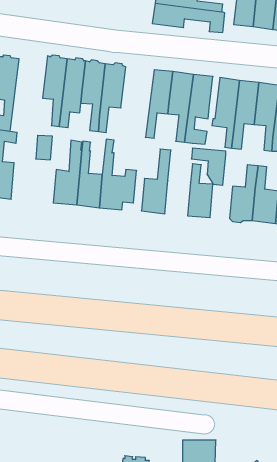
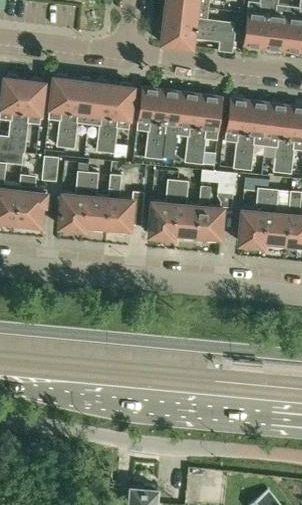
building: none -> [15,78,44,156]
building: none -> [136,88,162,159]
building: none -> [173,168,199,239]
building: none -> [16,185,46,224]

